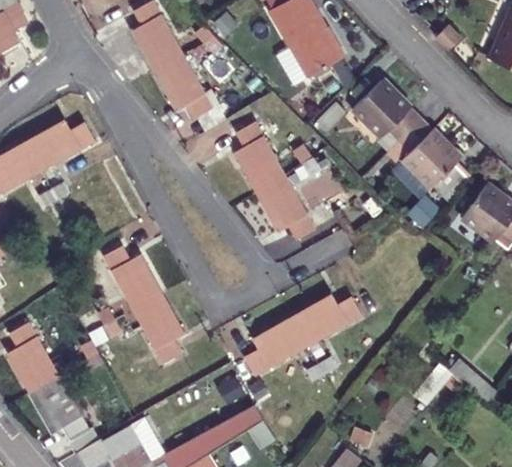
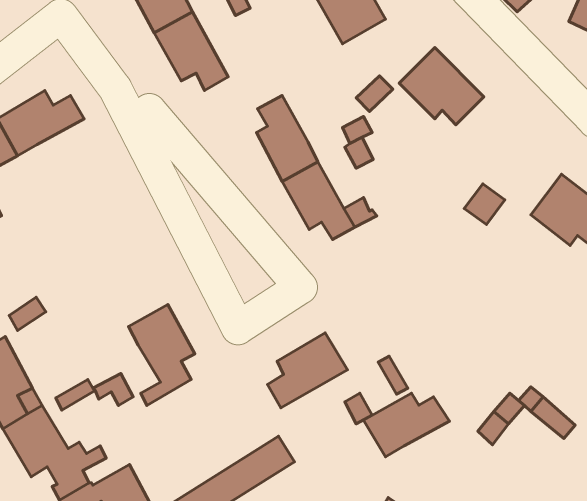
building: [397,123,463,201] -> none
building: [84,244,163,310] -> none
building: [291,293,361,345] -> [363,393,450,457]

